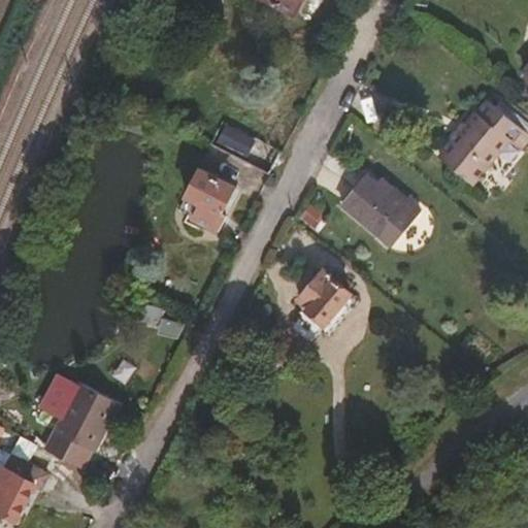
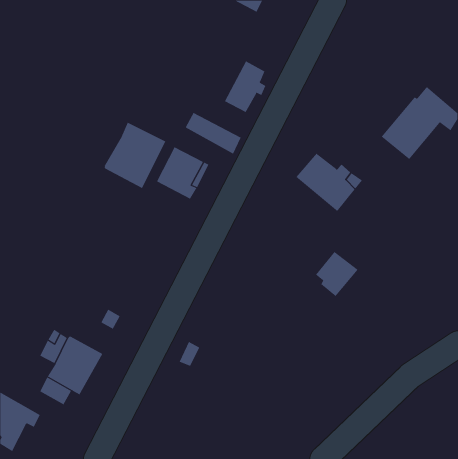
building: none -> [224,60,266,113]
building: none -> [104,122,166,189]
building: [300,270,350,323] -> [315,251,358,297]

